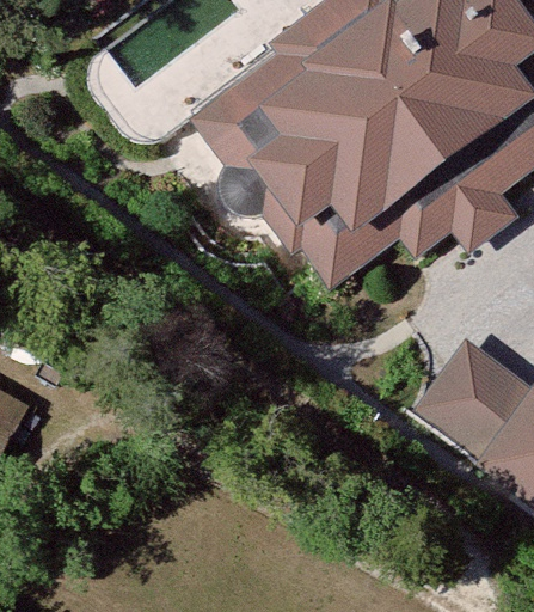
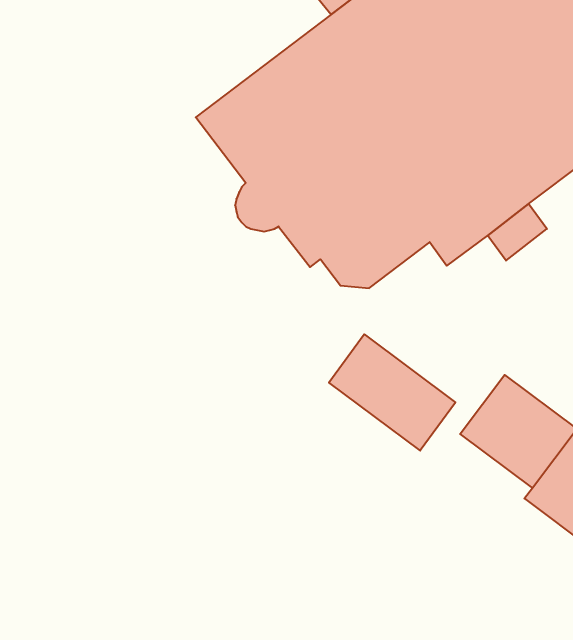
building: none -> [329,334,455,451]

